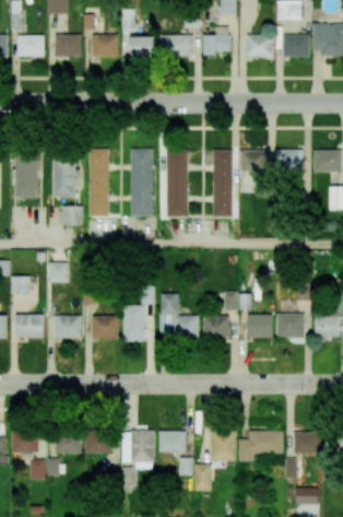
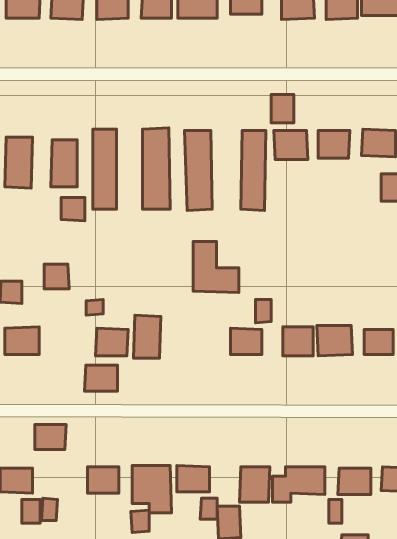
building: none -> [271,95,294,123]
building: [159,294,198,337] -> [193,242,239,293]
building: [54,316,81,338] -> [85,365,117,391]
building: [55,434,81,455] -> [35,425,66,449]

